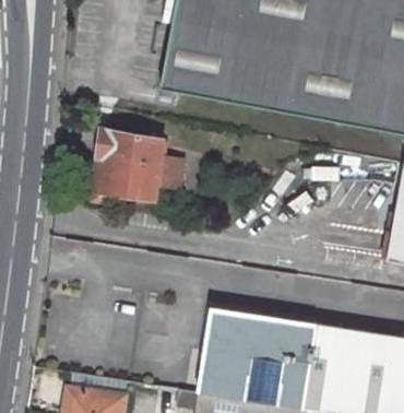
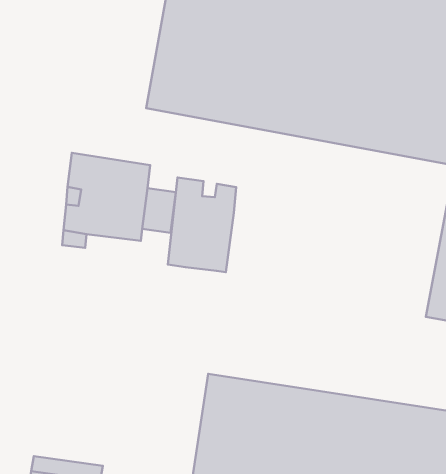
building: none -> [168,178,236,272]

